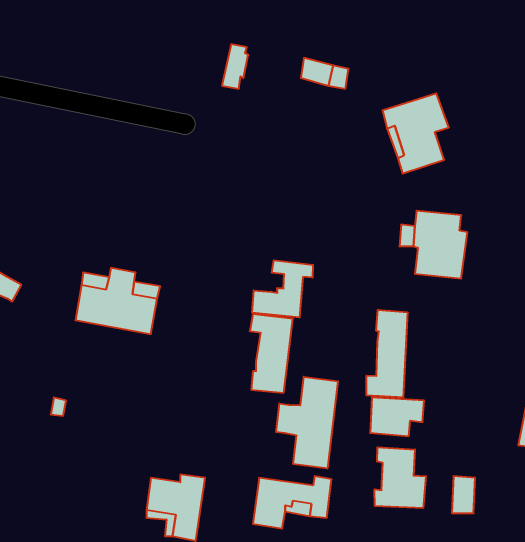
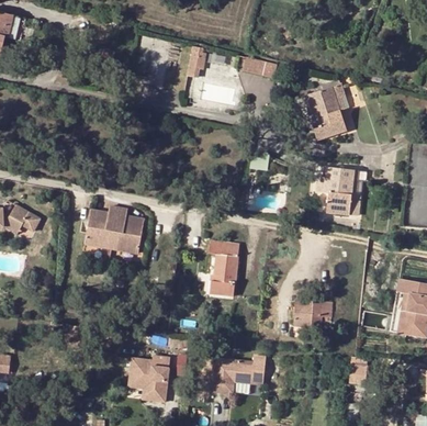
building: [252,260,313,318] -> none
building: [366,310,407,397] -> none
building: [276,377,338,469] -> none
building: [375,447,426,508] -> none

